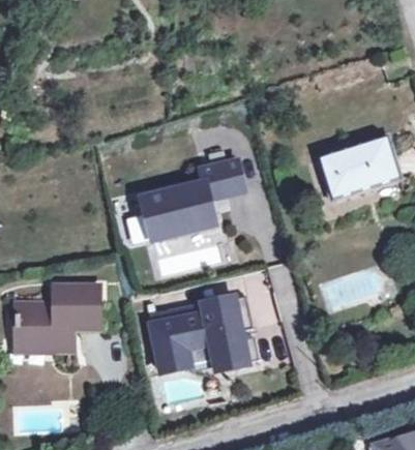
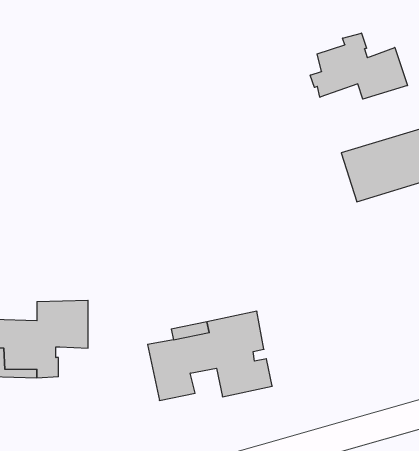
building: none -> [310,33,407,99]
building: [141,159,243,240] -> none

